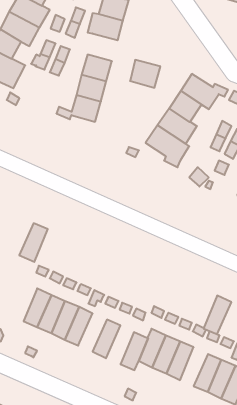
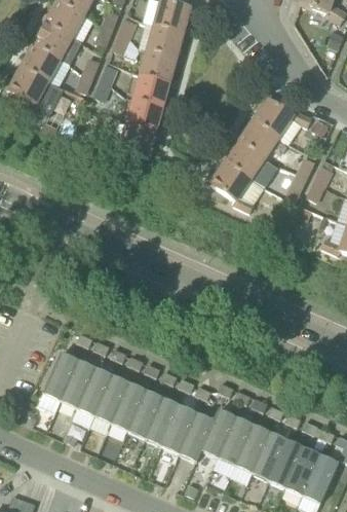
building: [130,60,160,88] -> [140,48,177,82]
building: [19,223,48,262] -> [43,353,78,400]
building: [204,296,231,334] -> [253,432,286,479]
building: none -> [128,391,163,437]
building: none -> [162,405,196,452]

